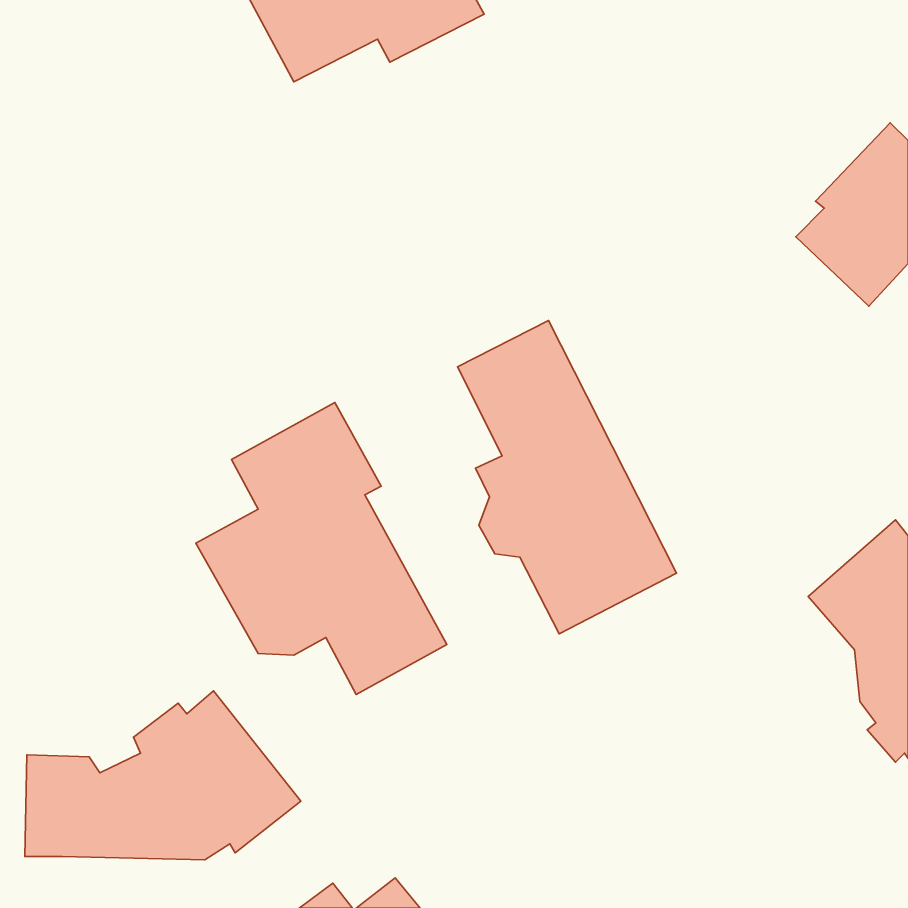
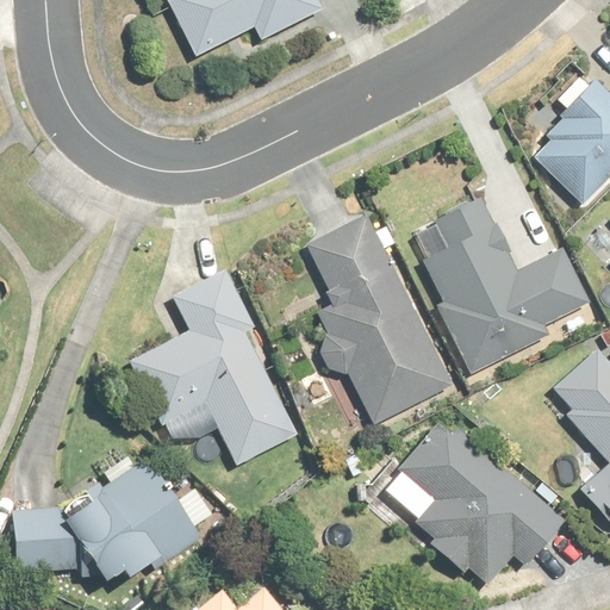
building: none -> [413,198,590,369]
building: none -> [369,417,566,583]

